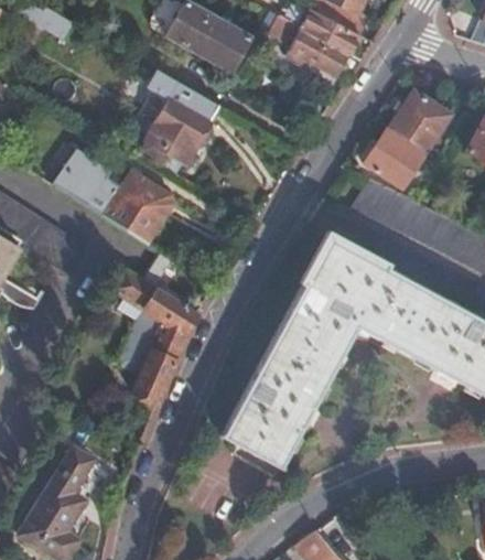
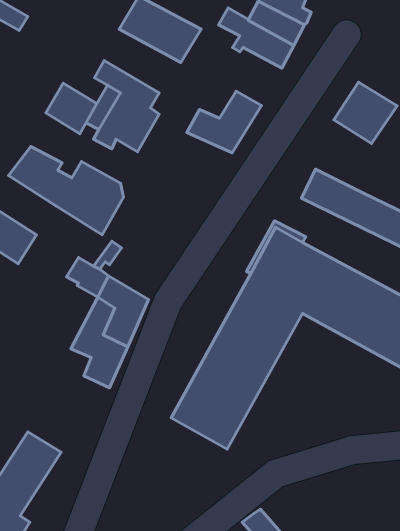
building: none -> [46,83,97,134]
building: none -> [187,91,262,153]
building: [365,131,424,190] -> none

